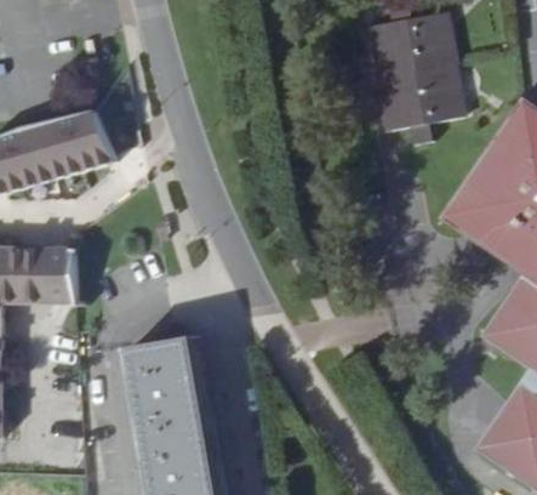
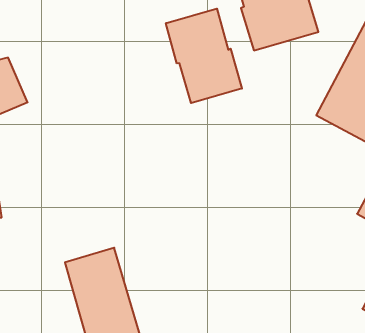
building: none -> [166,9,242,103]

